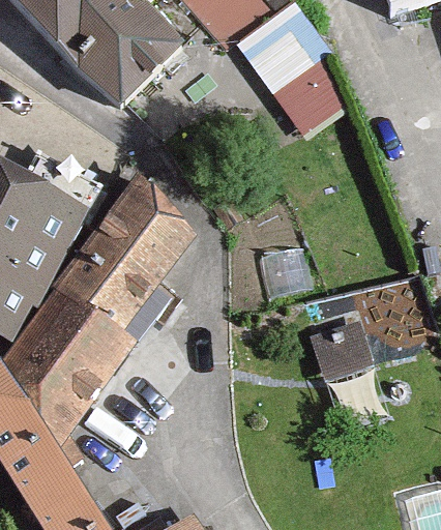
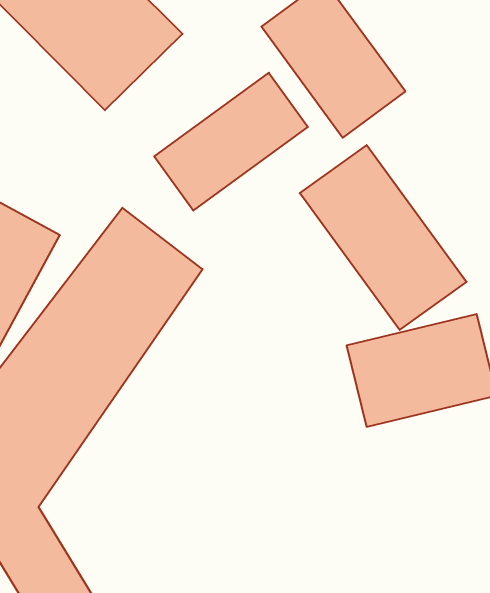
building: none -> [154,73,308,211]
building: none -> [300,145,467,330]

